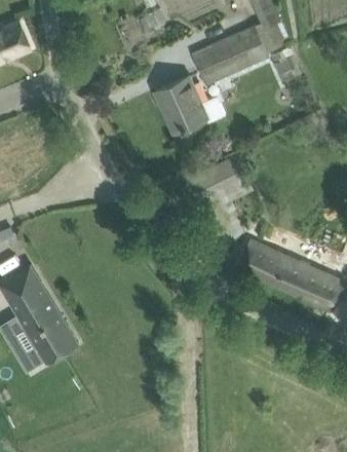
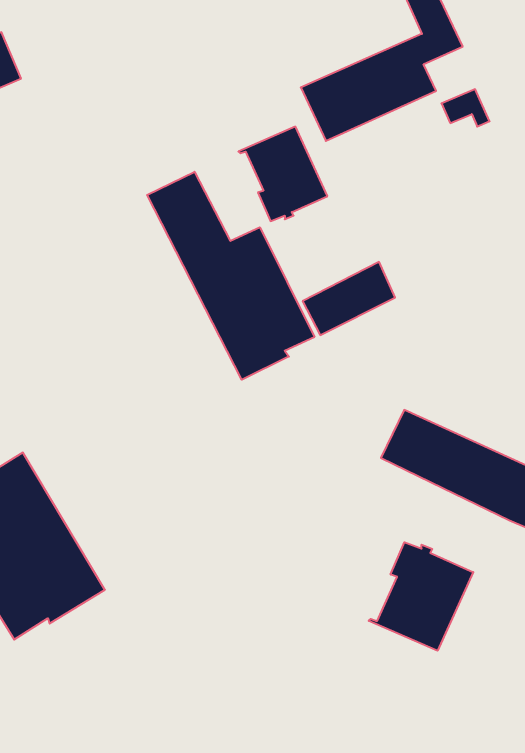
building: none -> [147,172,314,380]
building: none -> [369,542,473,651]

